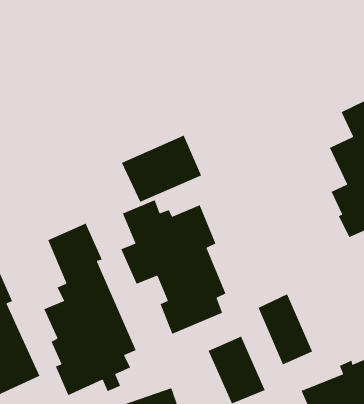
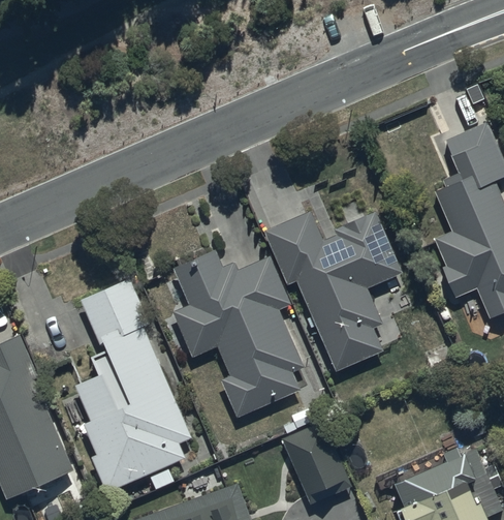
building: [121,135,202,203] -> none
building: none -> [263,210,402,371]
building: [257,293,313,365] -> none

